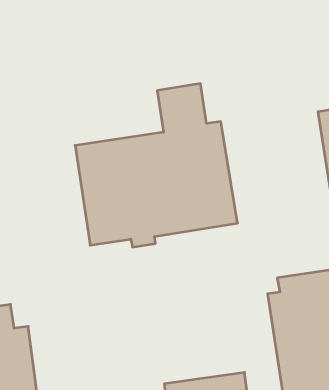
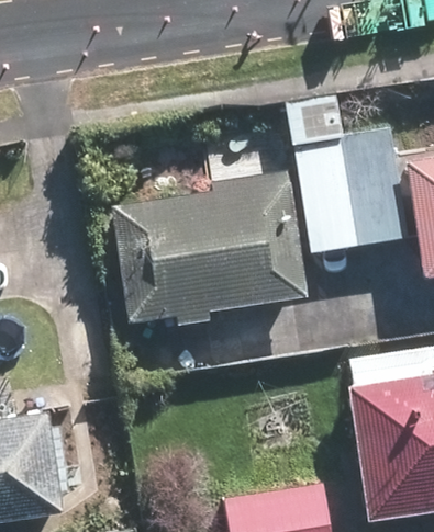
building: none -> [287,112,411,271]

